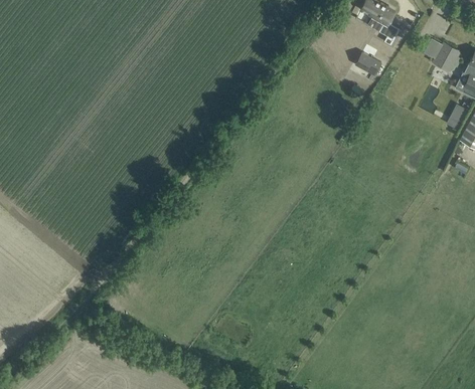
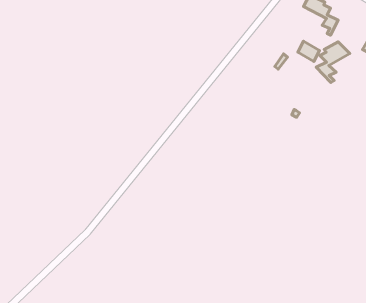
building: none -> [316,42,350,82]

